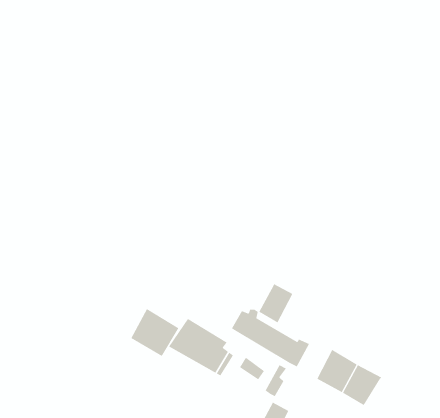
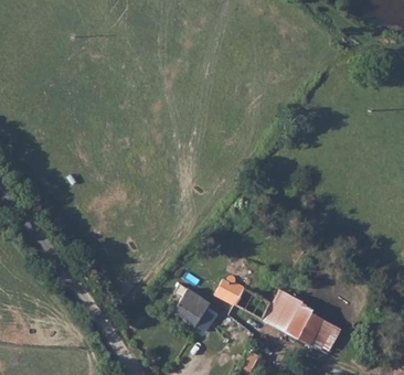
building: [258,283,293,323] -> [273,300,302,334]
building: [131,308,179,357] -> none

